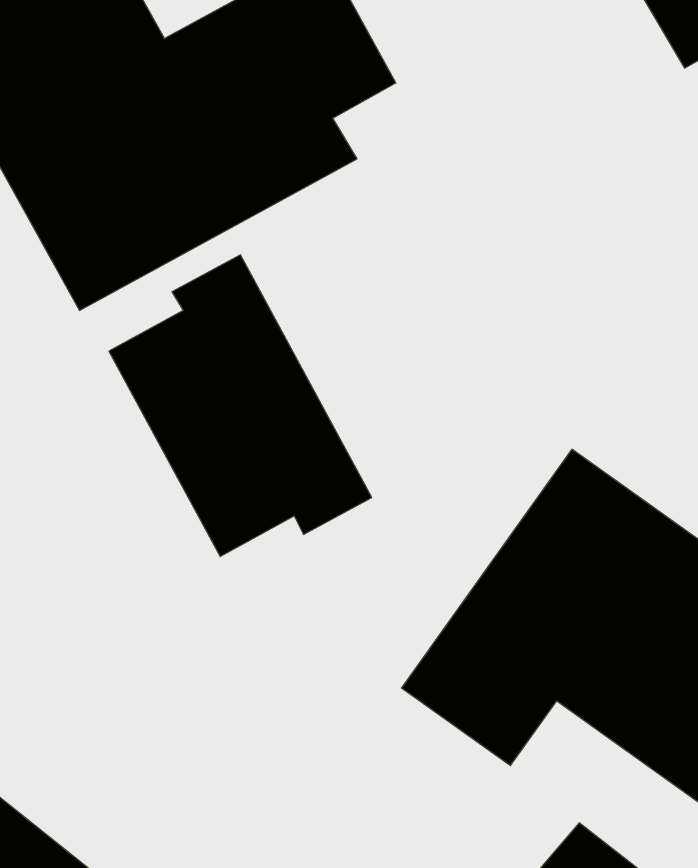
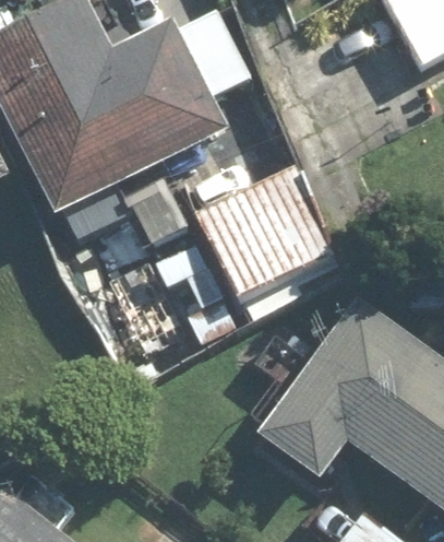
building: none -> [196,164,343,304]

